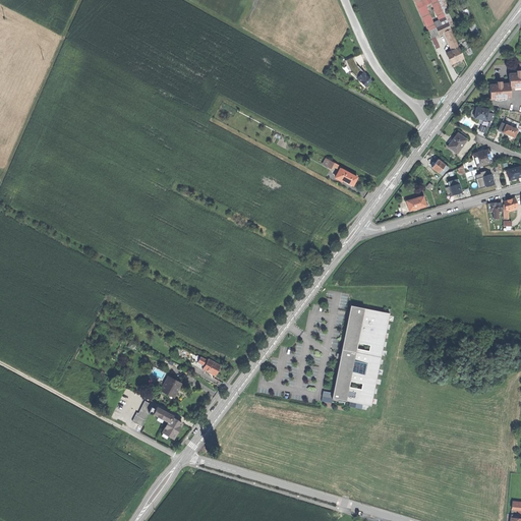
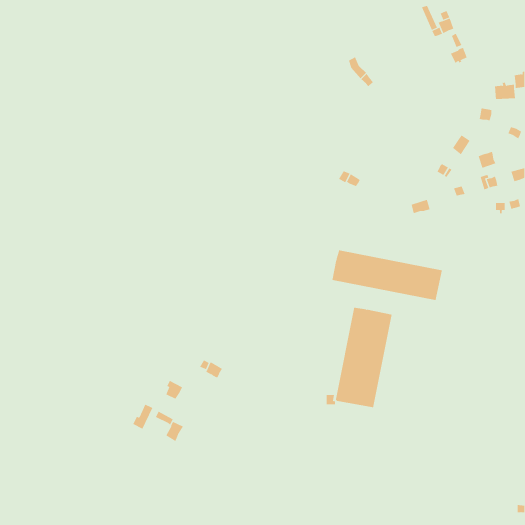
building: none -> [332,249,442,301]

